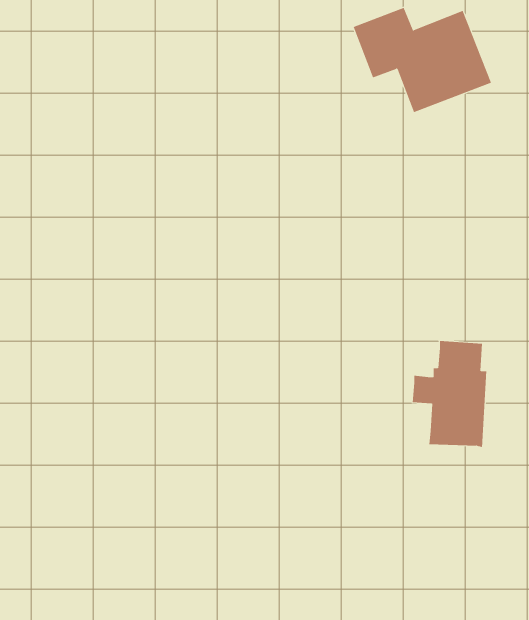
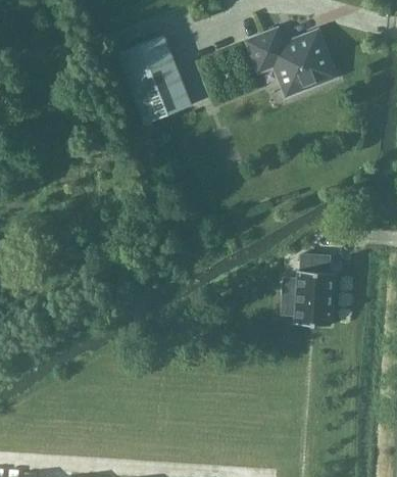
building: none -> [115,35,192,127]

